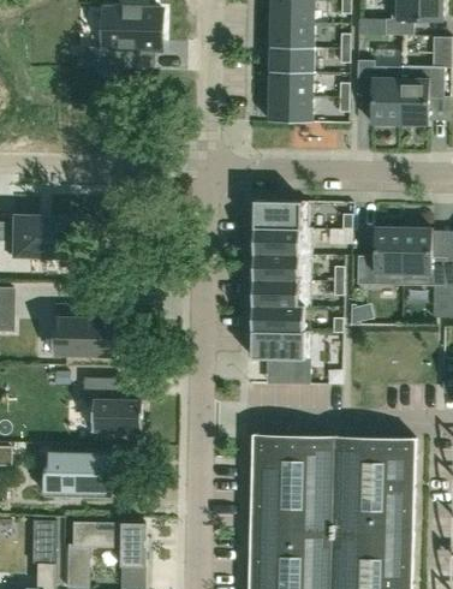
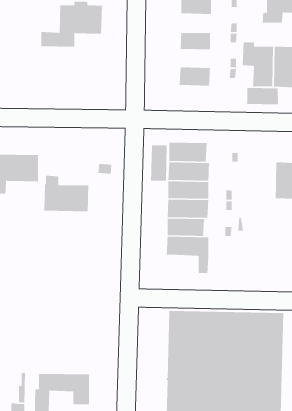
building: [269,22,314,47] -> none
building: [269,71,312,96] -> none
building: none -> [246,87,279,105]
building: none -> [150,145,167,182]
building: [356,227,403,285] -> none
building: [52,304,115,356] -> [43,175,89,212]
building: [82,377,142,436] -> none
building: [43,452,113,492] -> none

